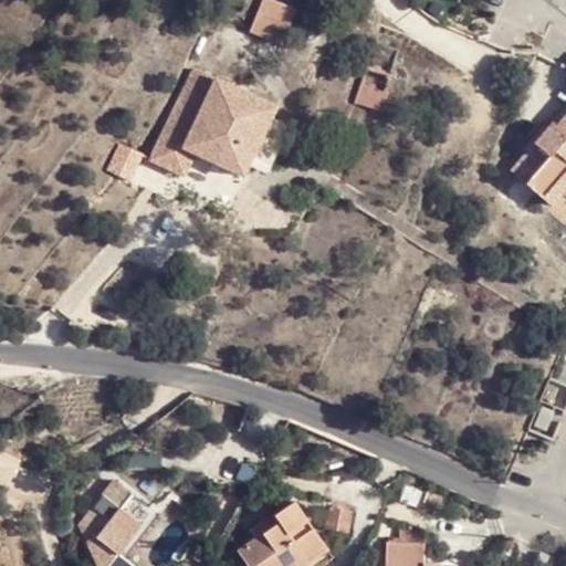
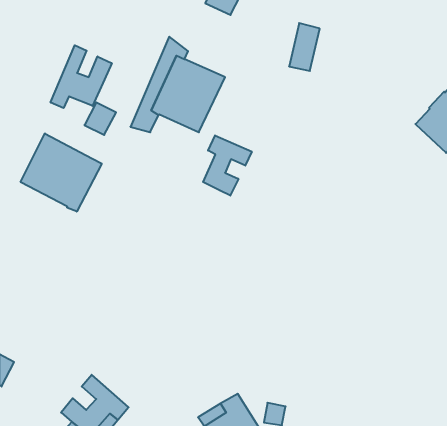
building: none -> [51,45,112,108]
building: none -> [21,133,102,212]
building: none -> [203,135,252,196]

